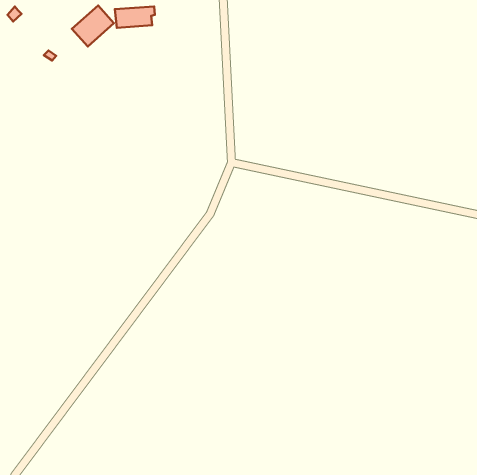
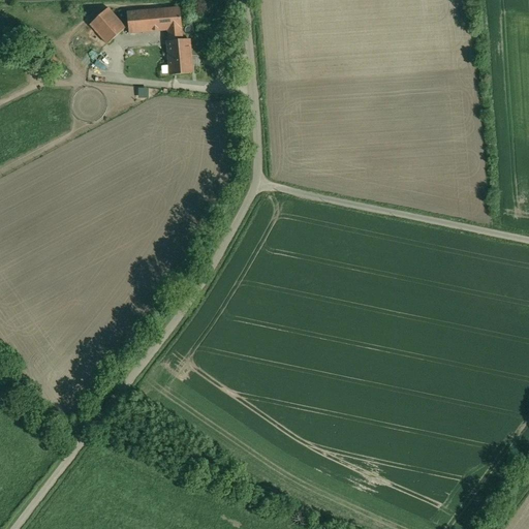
building: none -> [167,6,192,73]

